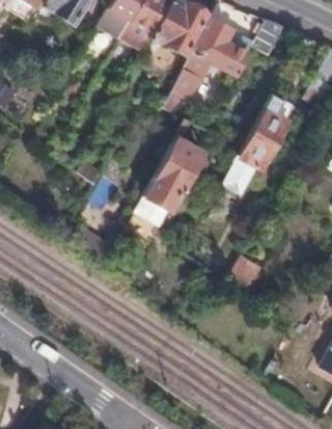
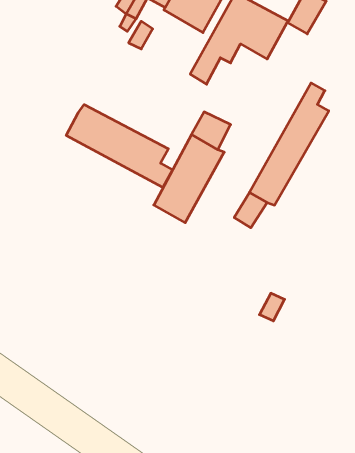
building: none -> [66,105,173,188]

